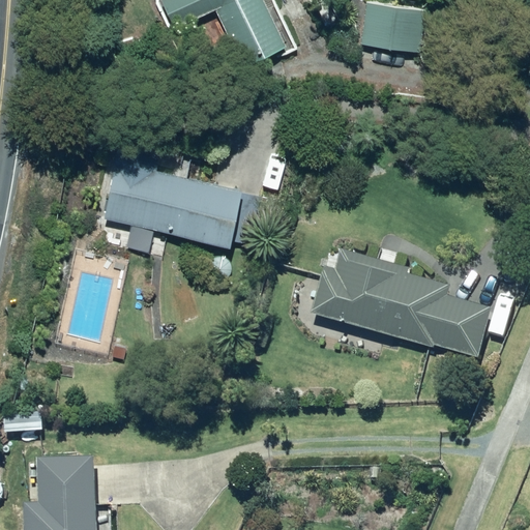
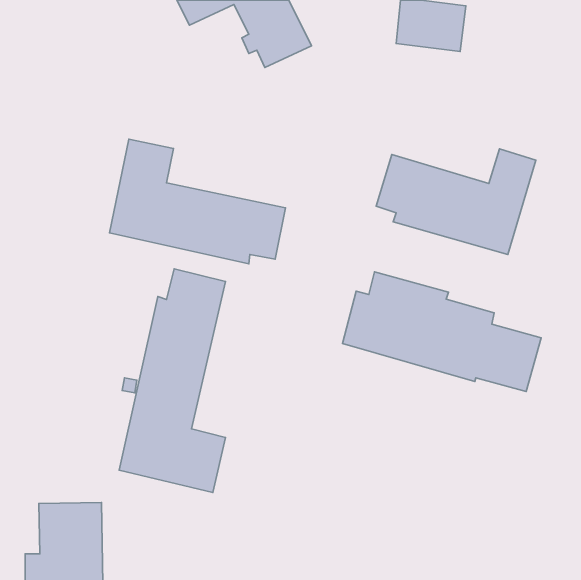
building: none -> [376,149,536,254]
building: none -> [119,269,226,493]

